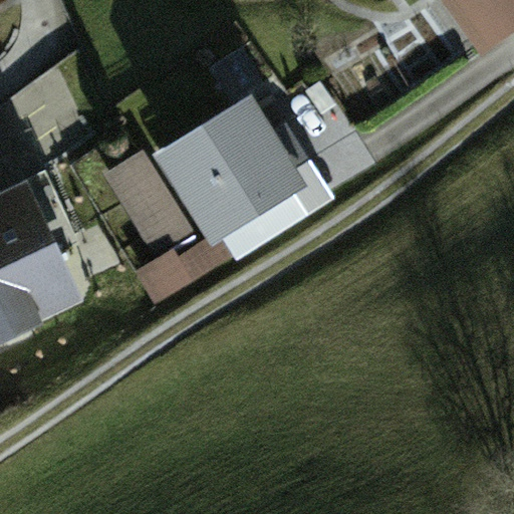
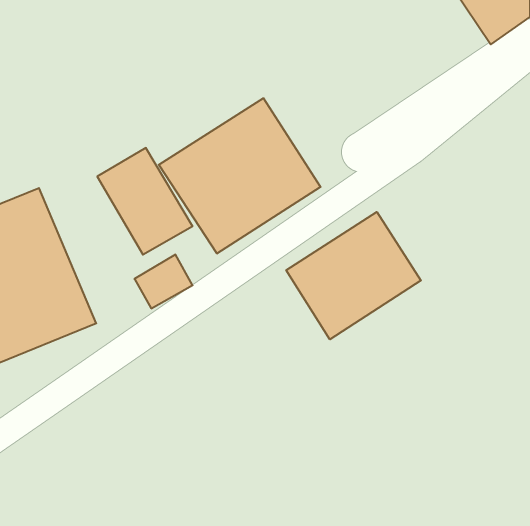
building: none -> [286,212,421,339]

